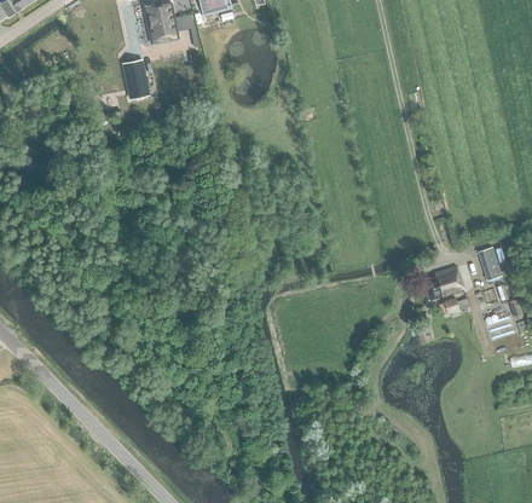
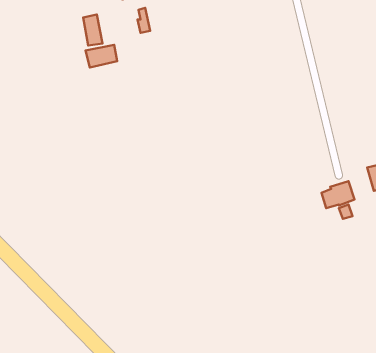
building: none -> [85,45,117,68]

